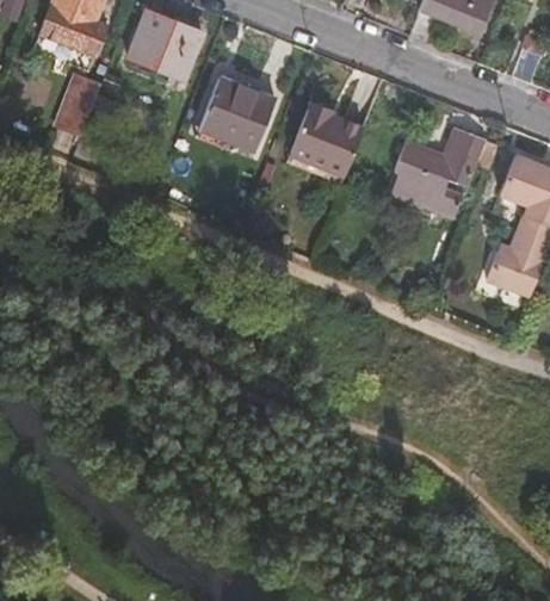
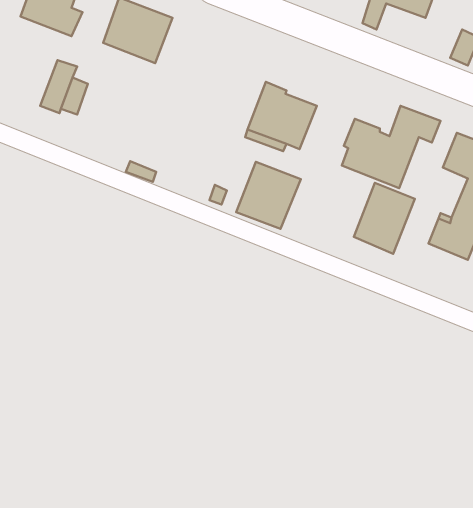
building: [196,74,272,147] -> none
building: none -> [236,162,301,229]
building: none -> [354,183,415,254]

